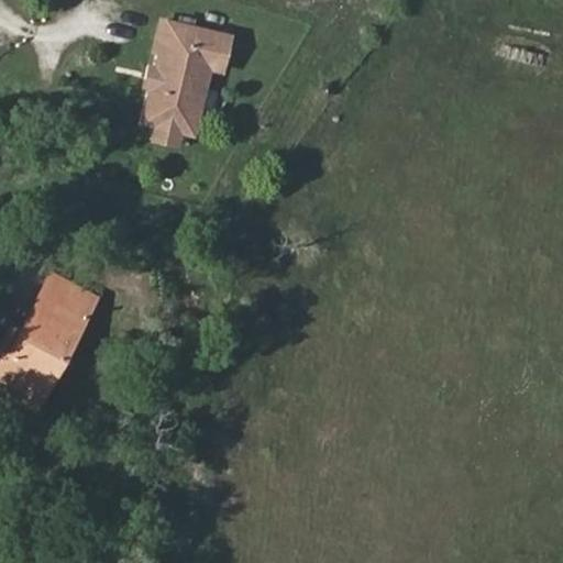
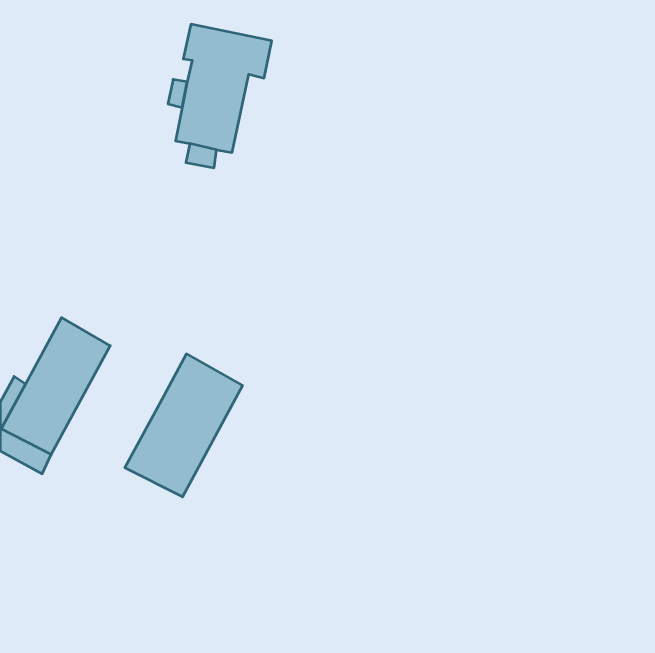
building: none -> [125,354,242,497]

